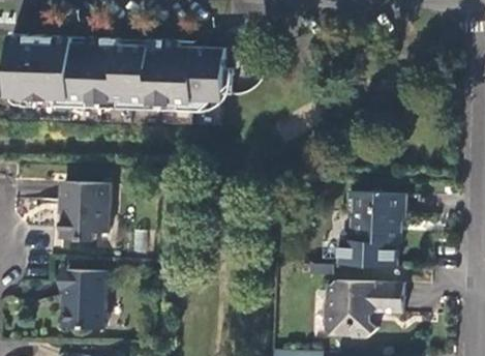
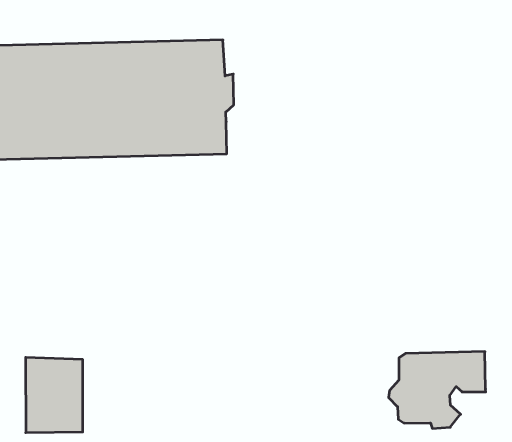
building: [56,180,107,239] -> none
building: [338,191,403,265] -> none

